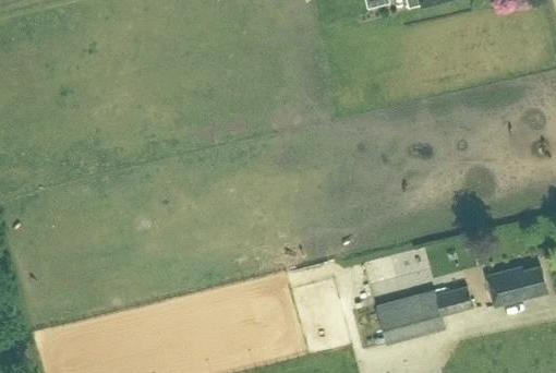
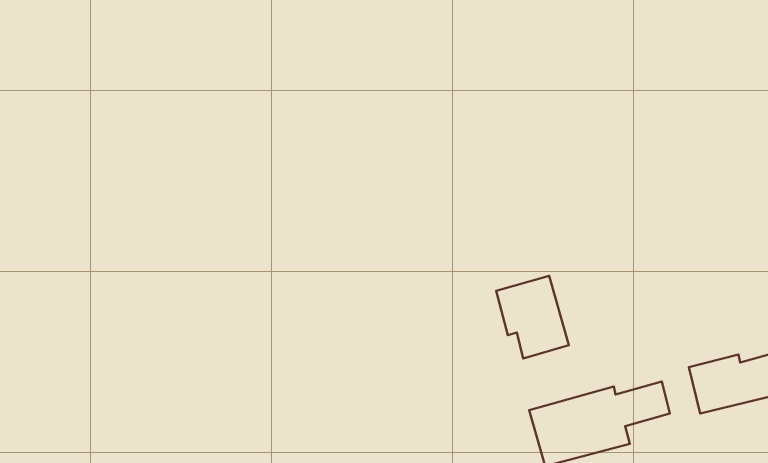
building: none -> [496,276,569,358]

